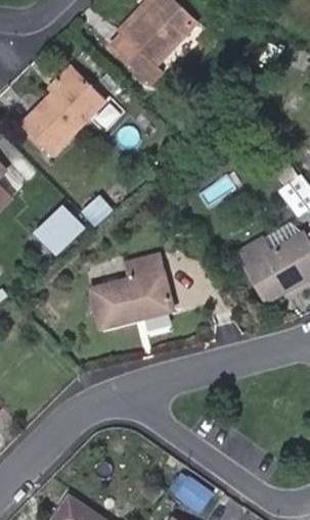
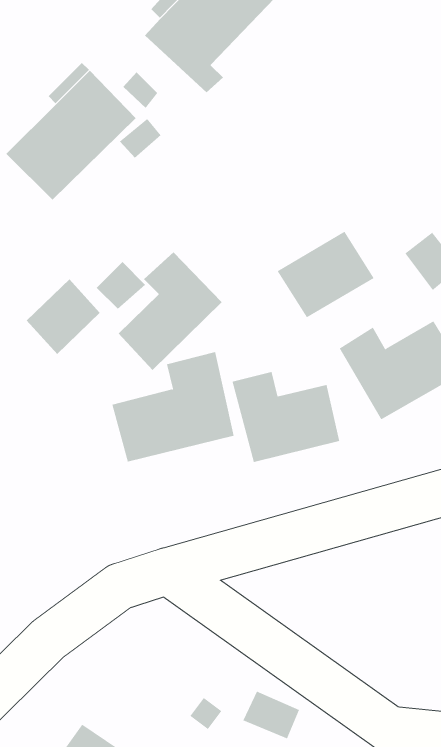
building: none -> [277,231,375,318]
building: none -> [118,252,222,371]
building: none -> [232,371,340,463]

